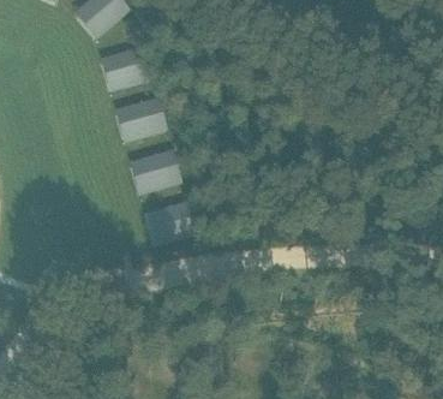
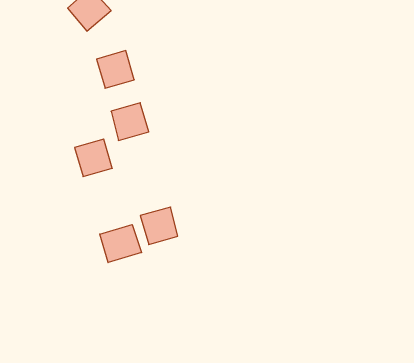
building: [134,154,172,191] -> [75,139,112,177]
building: none -> [100,225,142,263]

